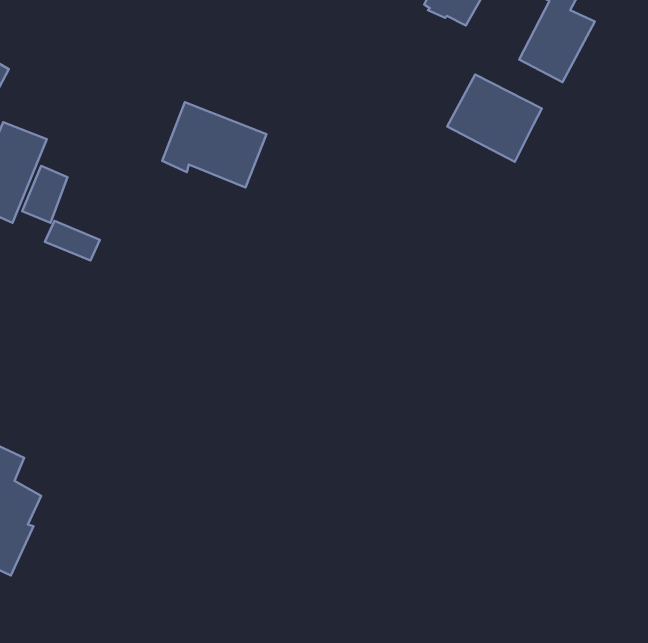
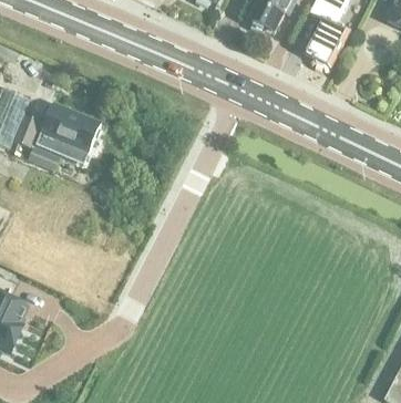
building: [447,74,542,162] -> none
building: [162,102,267,187] -> [40,102,101,152]

